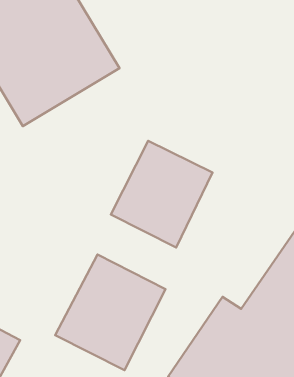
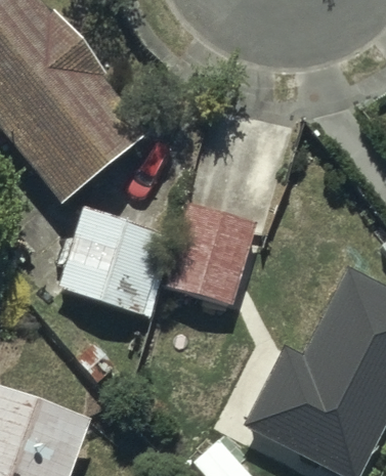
building: none -> [57,207,167,312]
building: [55,254,165,370] -> none

